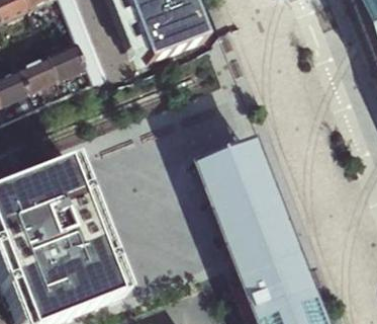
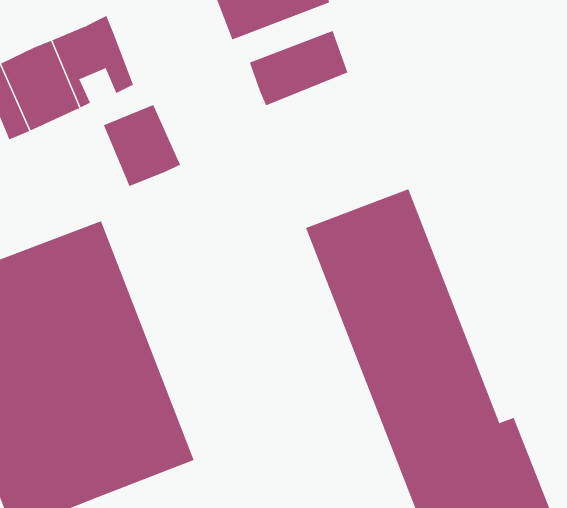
building: none -> [249,30,348,106]
building: none -> [103,104,181,187]

